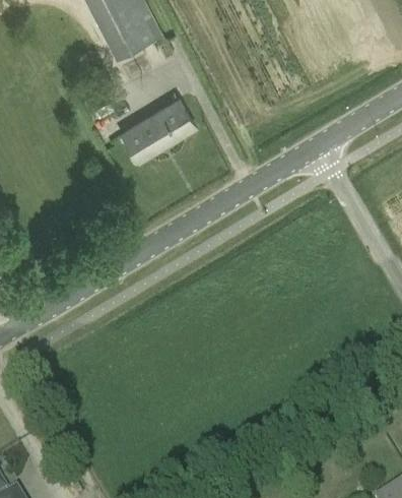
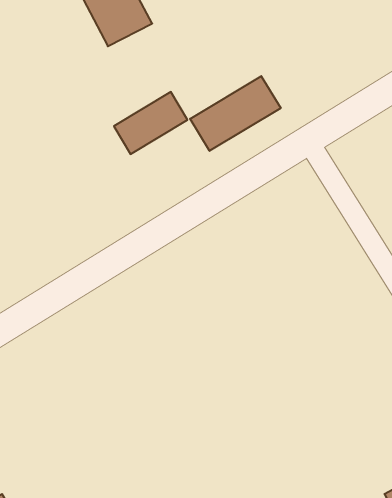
building: none -> [190,76,281,151]

